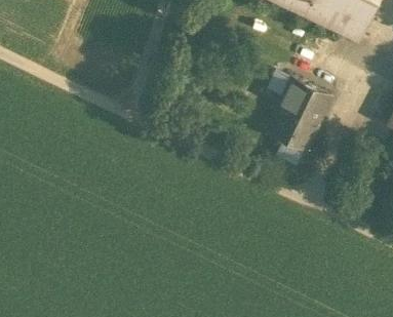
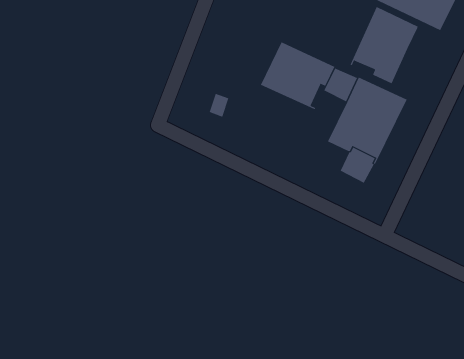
building: none -> [350,6,419,84]
building: none -> [260,41,335,110]

